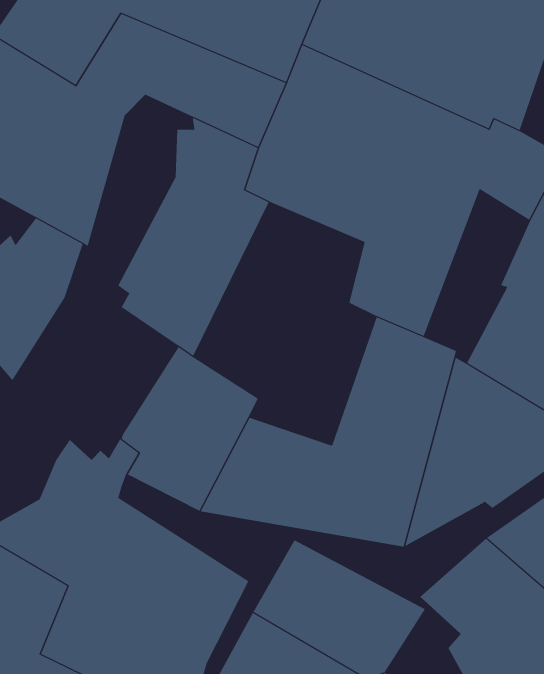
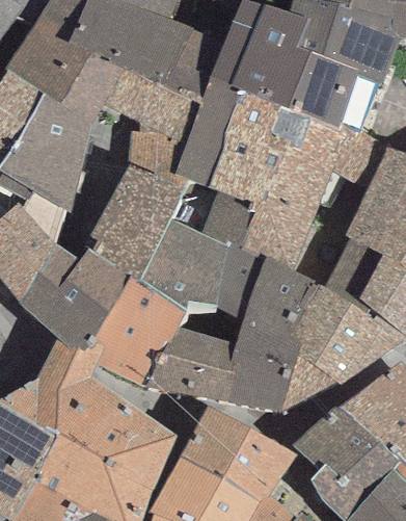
building: none -> [139,181,262,344]
building: none -> [18,245,129,354]

